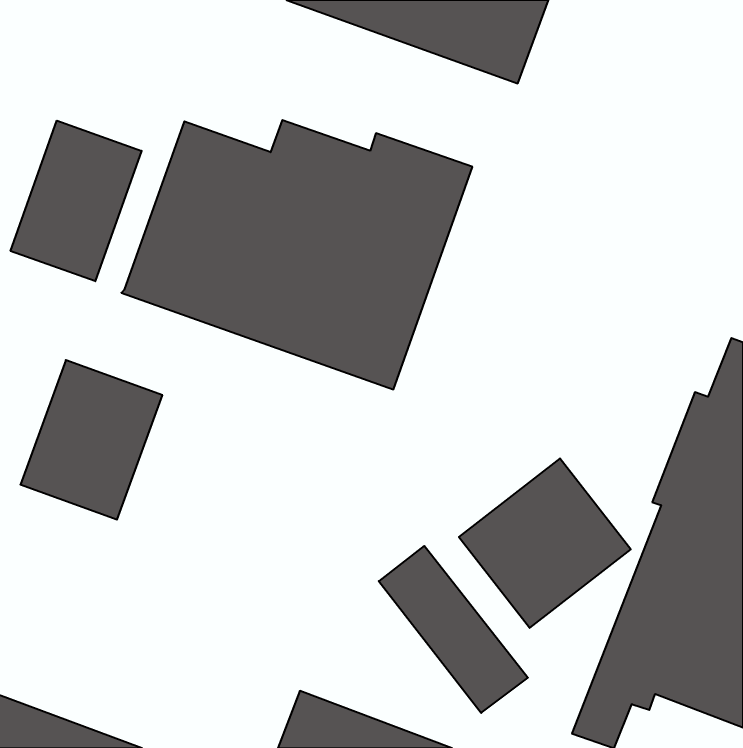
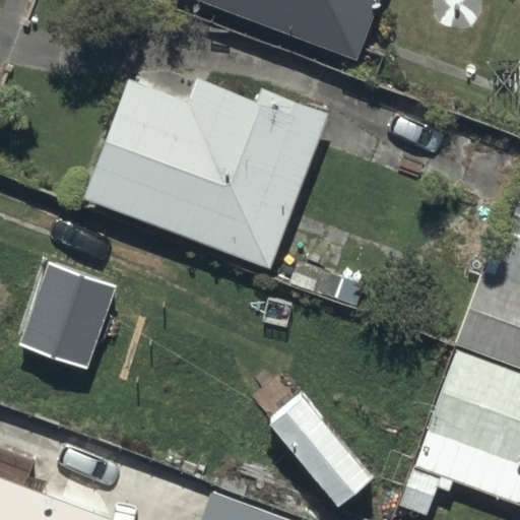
building: [11,121,142,281] -> none
building: [459,458,631,628] -> none

